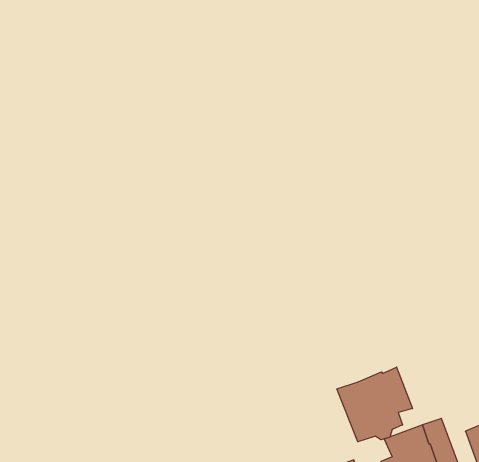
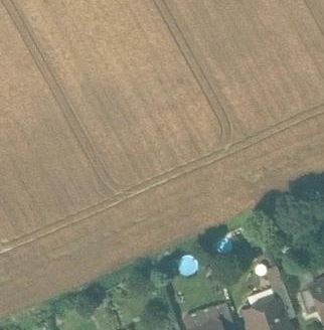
building: [337,367,412,442] -> none

